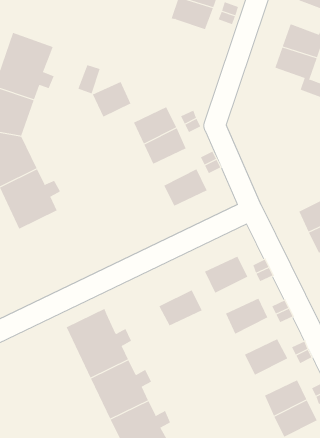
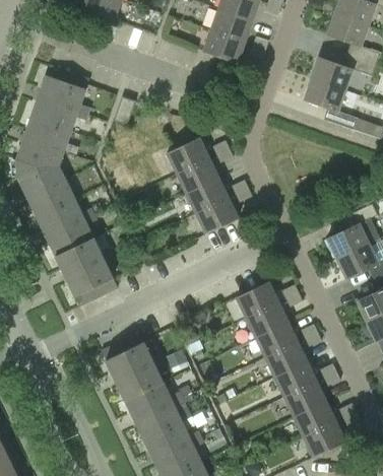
building: [92,81,131,117] -> none
building: none -> [186,178,229,213]
building: none -> [56,237,118,305]
building: [159,289,203,326] -> [246,301,289,337]
building: none -> [265,341,307,377]
building: none -> [284,381,326,416]

